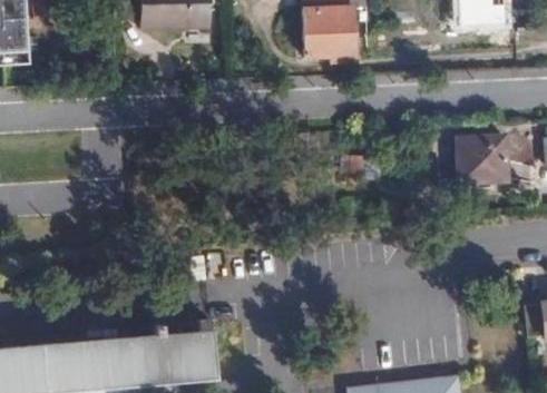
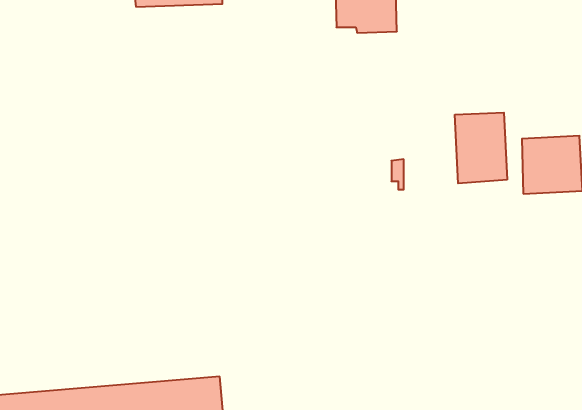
building: none -> [455,113,507,183]

